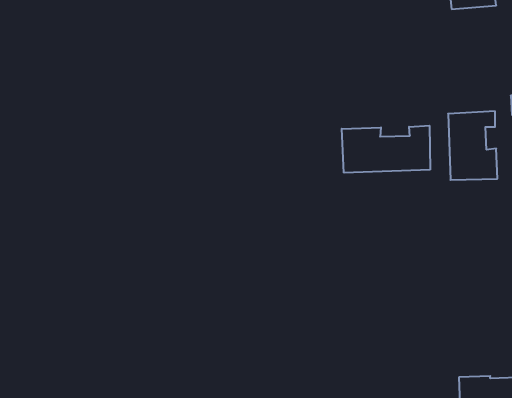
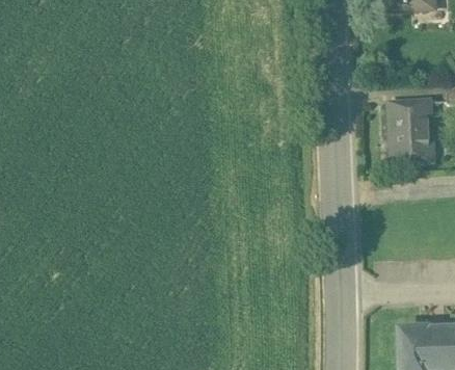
building: [342,126,430,173] -> none

